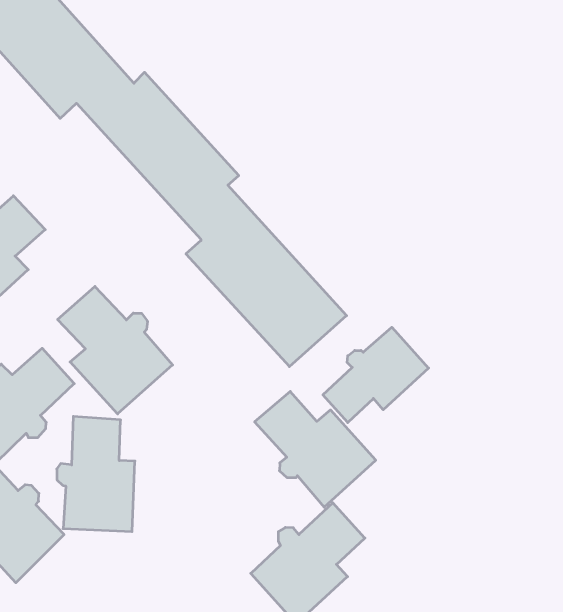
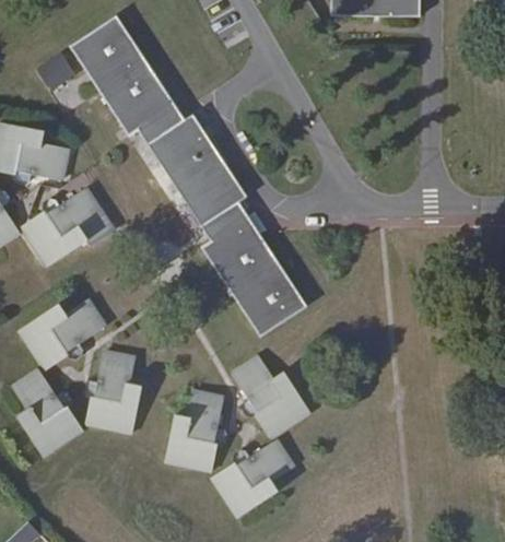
building: [58,286,173,414] -> none
building: [323,327,429,423] -> none
building: none -> [165,390,228,473]

